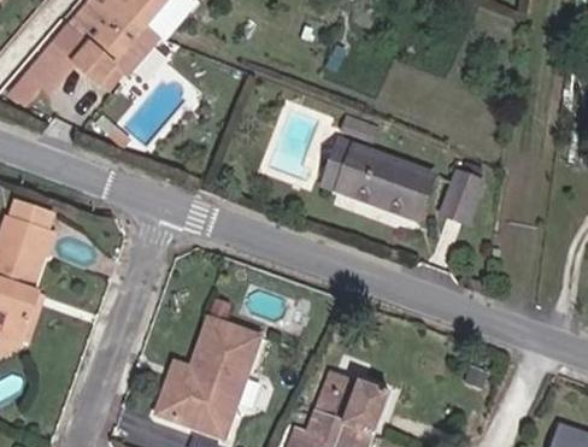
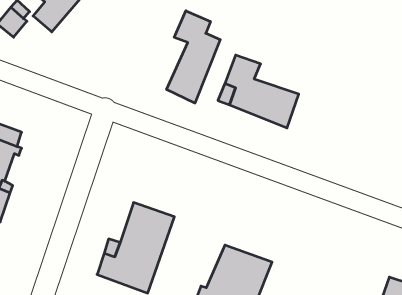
building: none -> [167,11,220,103]
building: [436,169,480,227] -> none

